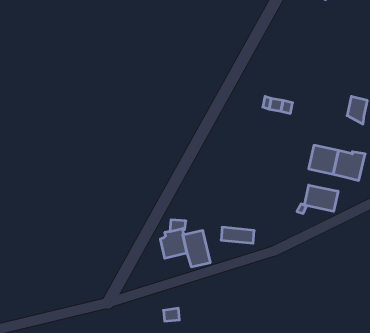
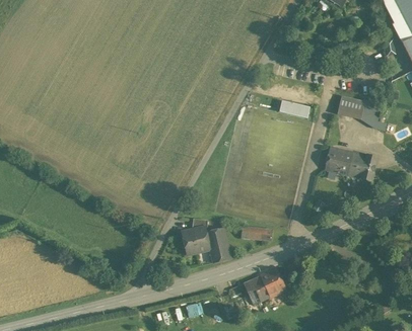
building: none -> [338,96,365,119]
building: [304,185,338,211] -> none
building: none -> [244,269,285,305]

